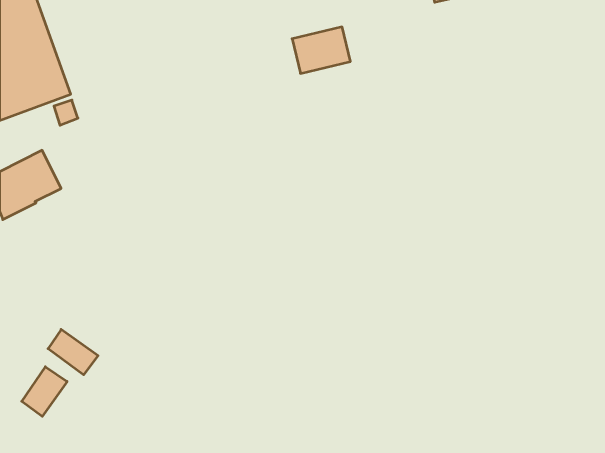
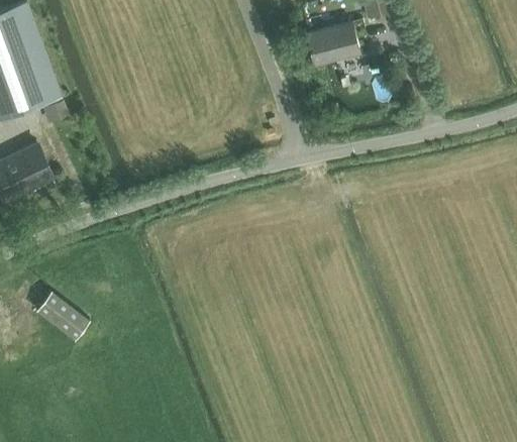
building: [292,27,350,73] -> [310,25,359,65]
building: [22,367,67,416] -> none

